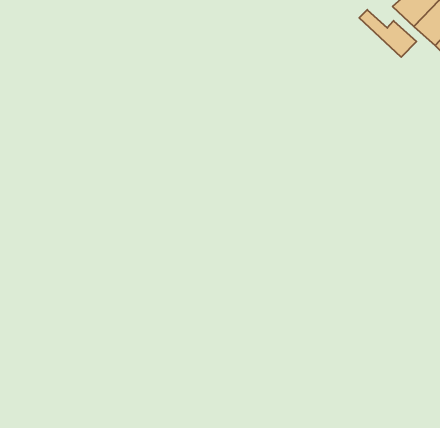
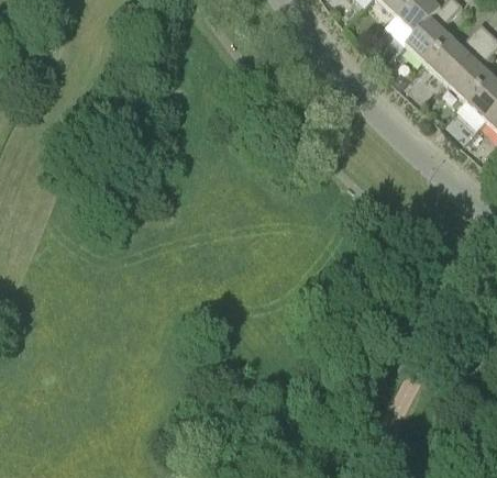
building: [359,10,416,57] -> none

